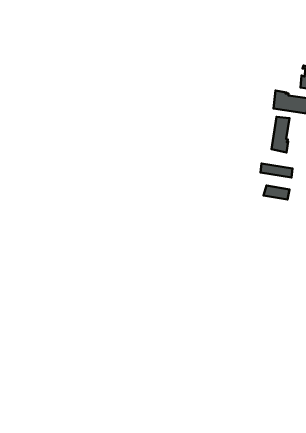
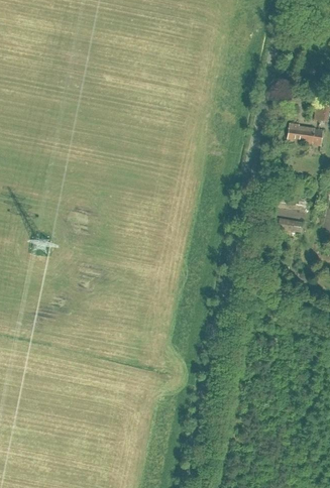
building: [271,117,290,152] -> none

